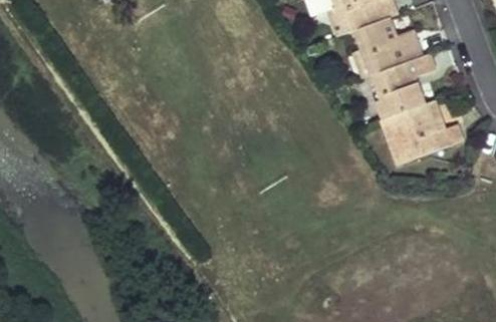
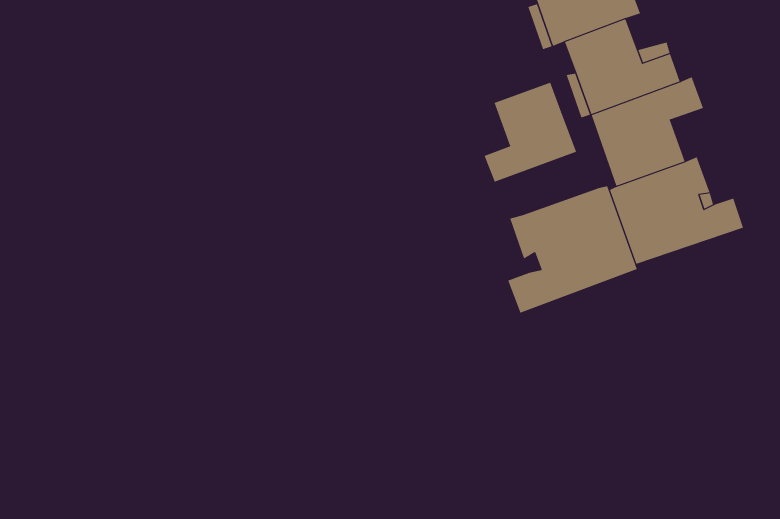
building: none -> [484,82,577,183]
building: none -> [508,186,638,313]

